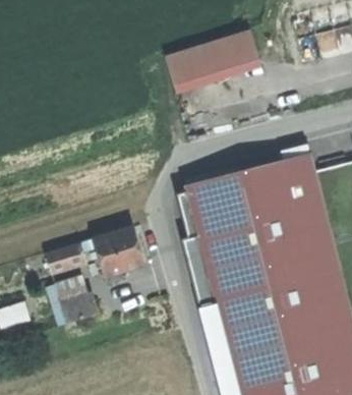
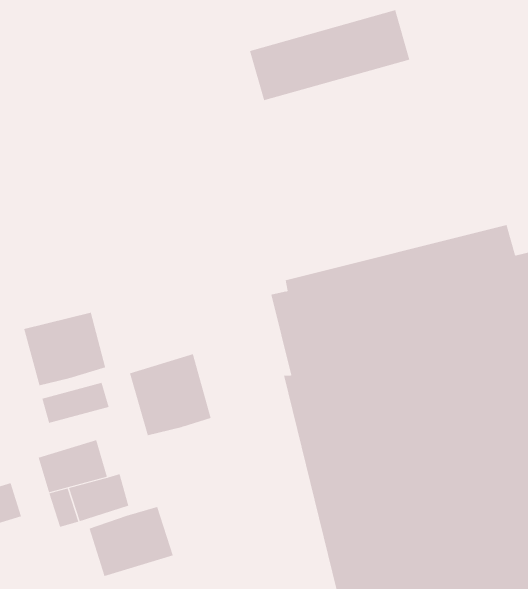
building: none -> [23,312,106,386]
building: none -> [89,506,174,577]

